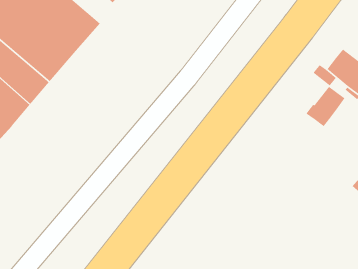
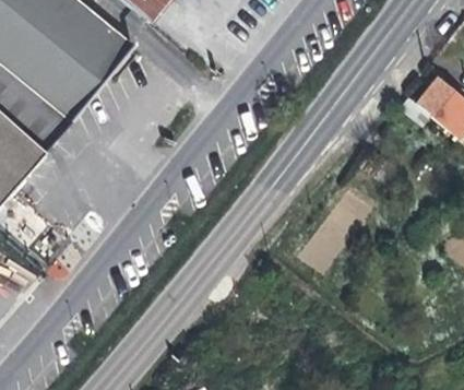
building: [306,86,345,127] -> none

